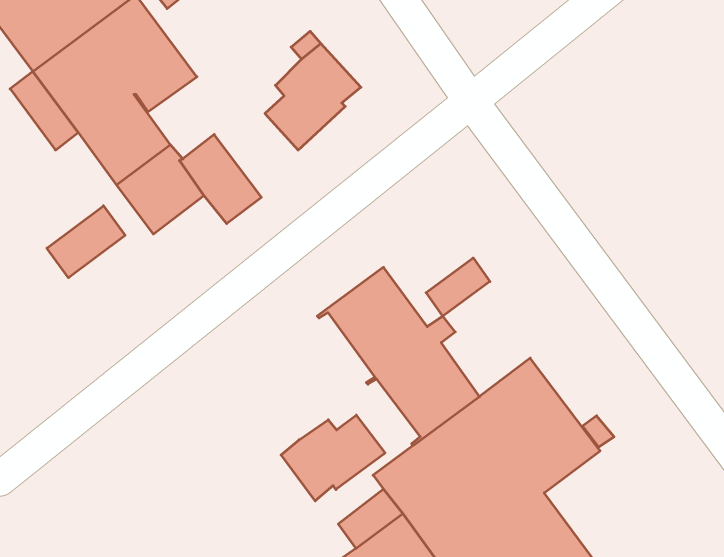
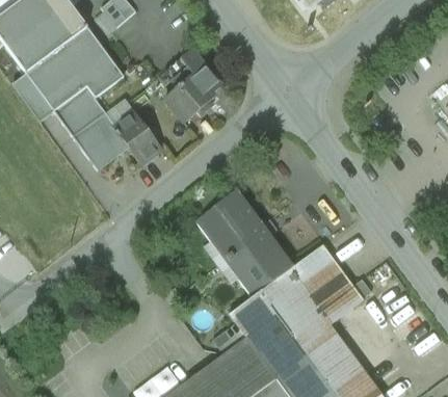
building: [47,206,125,278] -> none
building: [426,258,490,316] -> none
building: [281,415,385,501] -> none

